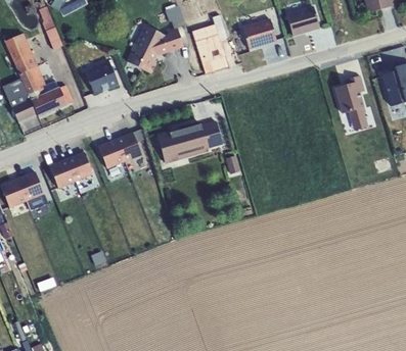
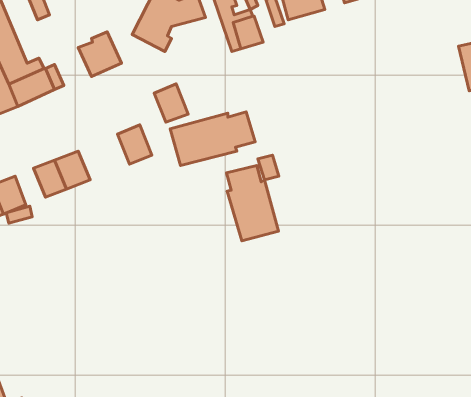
building: [334,74,370,130] -> none
building: [98,139,125,168] -> [154,84,188,122]
building: none -> [226,165,278,241]

